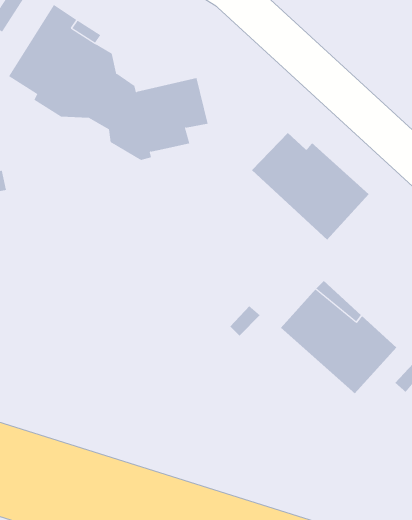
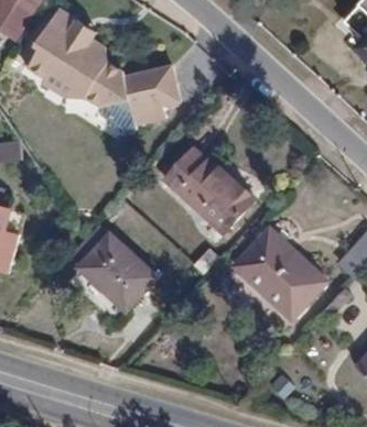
building: [251,132,370,241] -> [164,149,257,233]
building: none -> [72,225,158,310]

